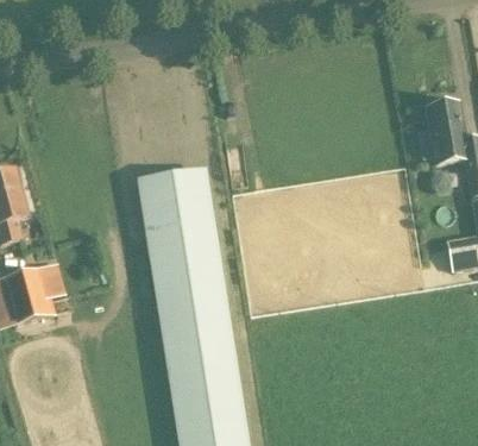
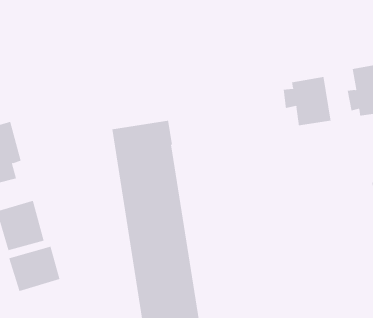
building: none -> [283,76,331,126]
building: none -> [8,246,60,292]

